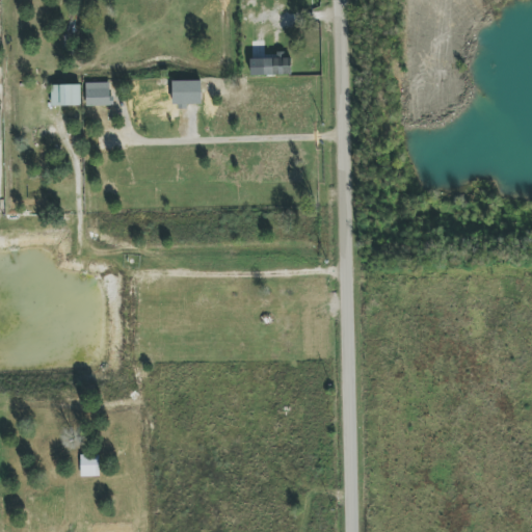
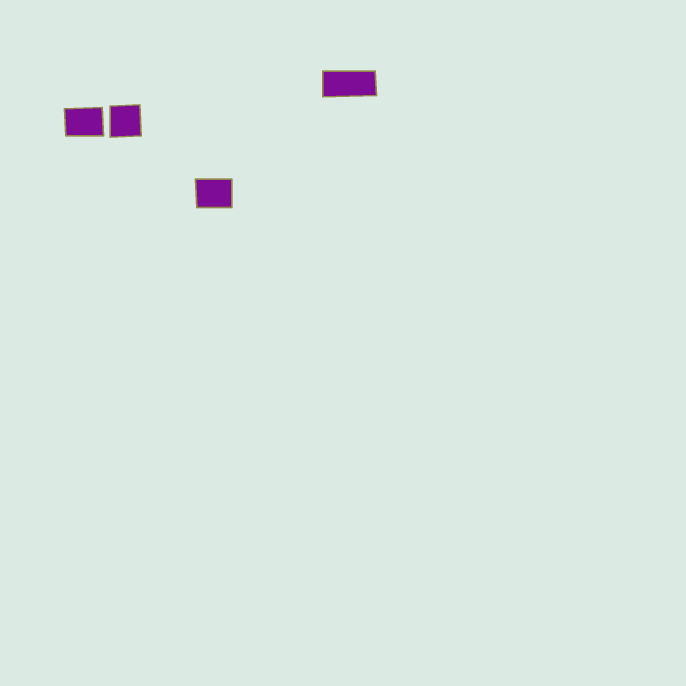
building: [171,81,200,103] -> [195,179,232,208]
building: [80,454,98,476] -> none

